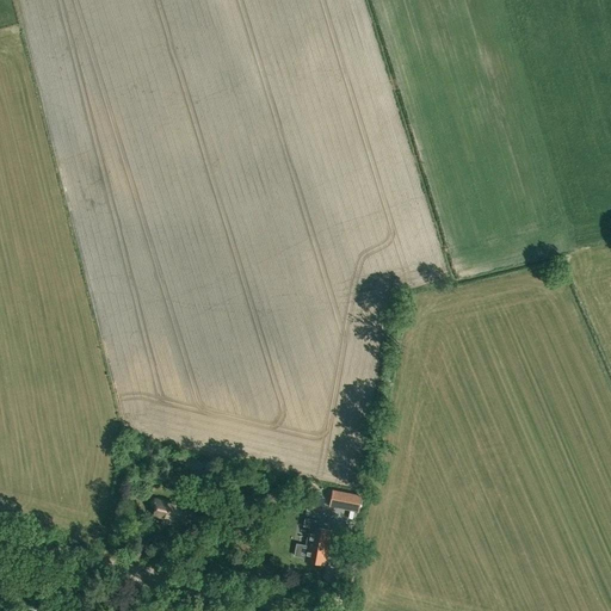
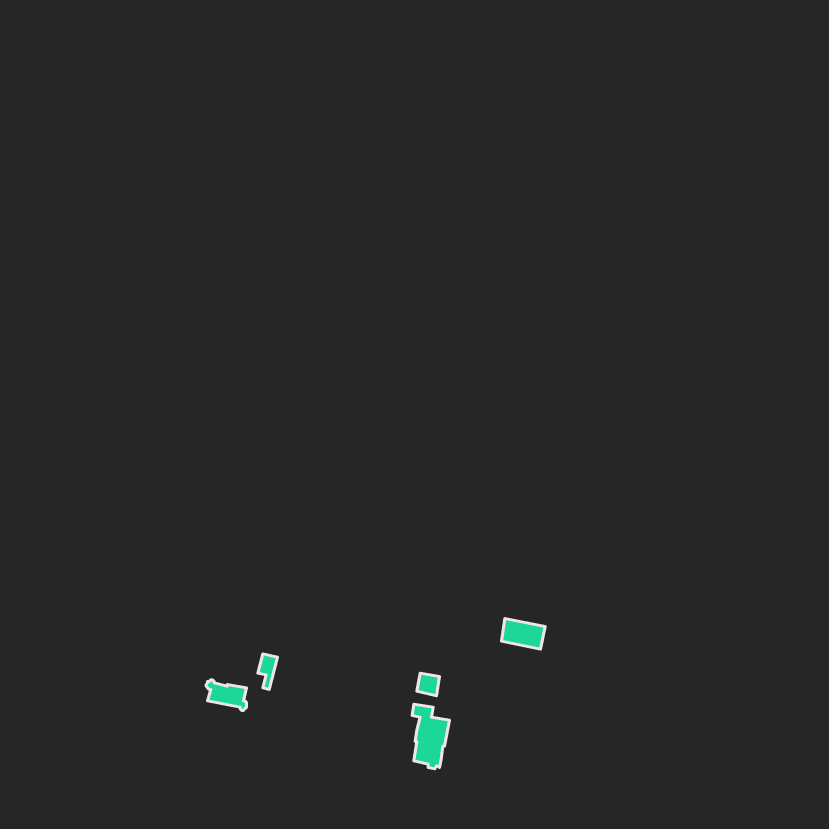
building: [329,489,362,512] -> [501,618,545,649]

